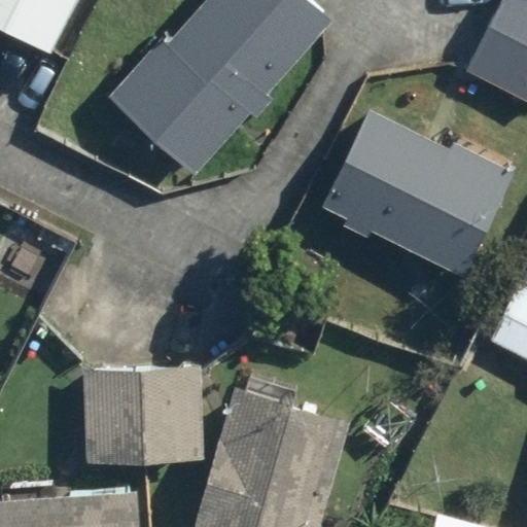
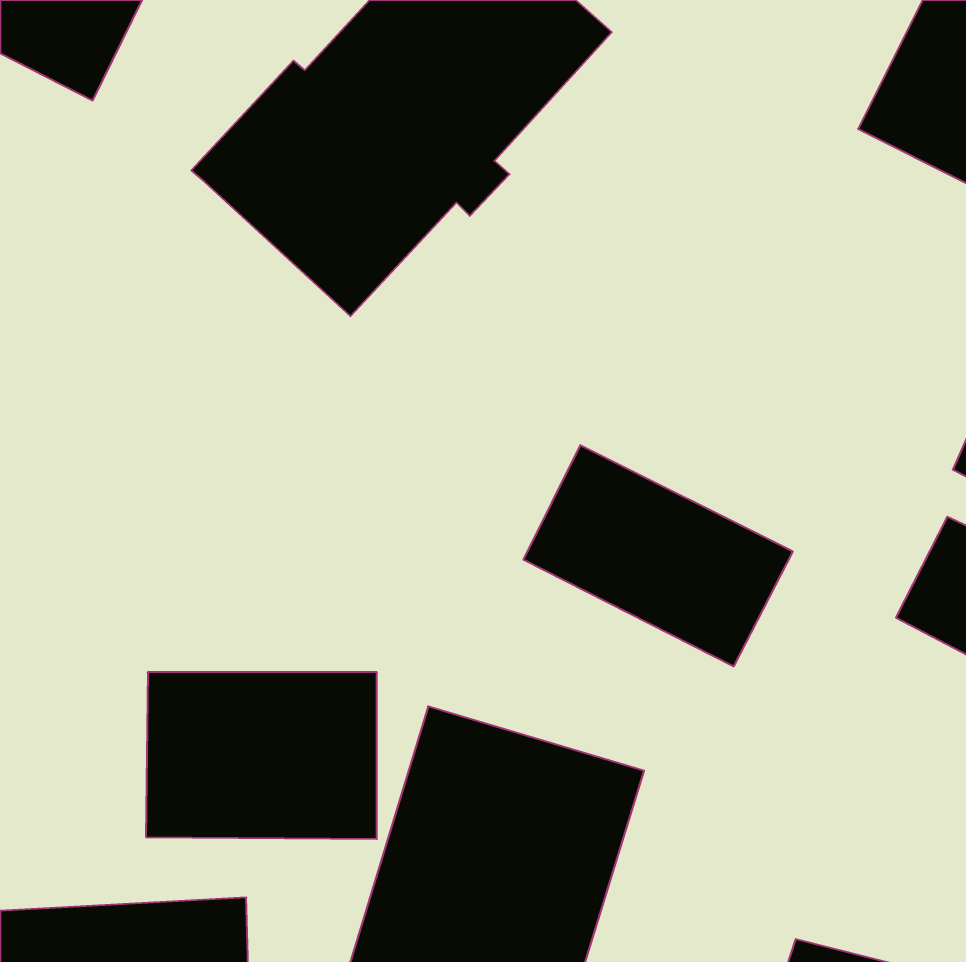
building: [321,108,515,275] -> none
building: none -> [524,445,793,666]

